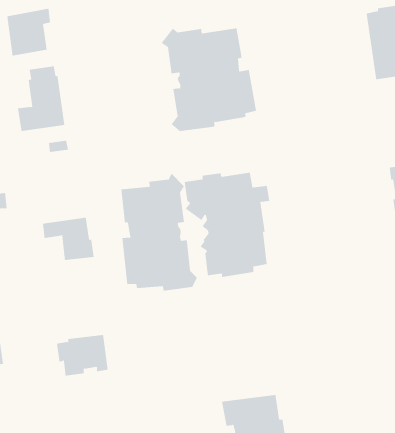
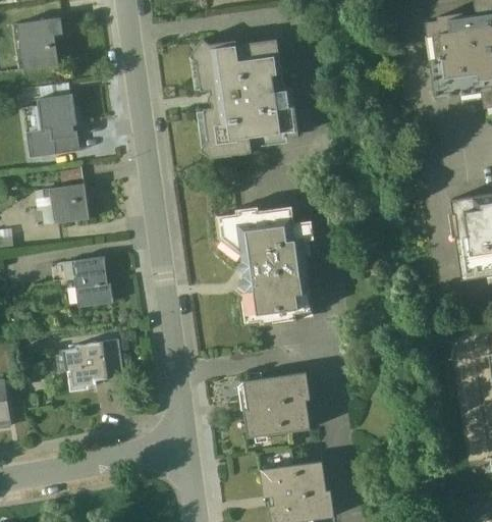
building: none -> [36,184,90,224]
building: [121,173,198,292] -> none
building: none -> [244,371,312,437]
building: [56,335,108,376] -> [64,340,124,387]

